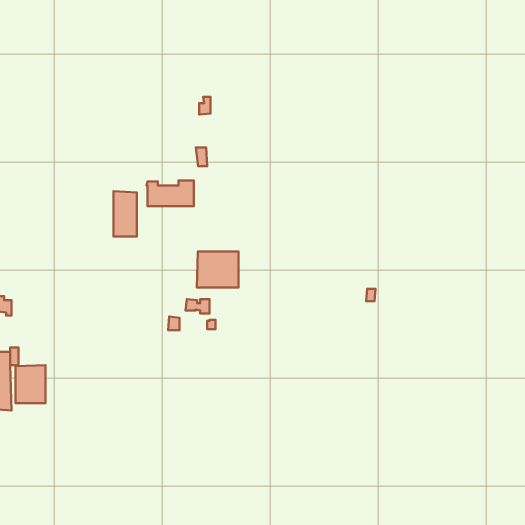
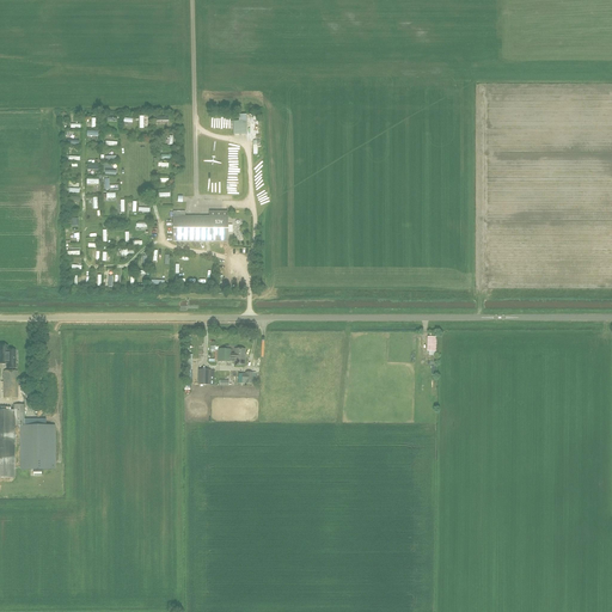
building: [114,191,137,237] -> none
building: [197,251,239,287] -> none

